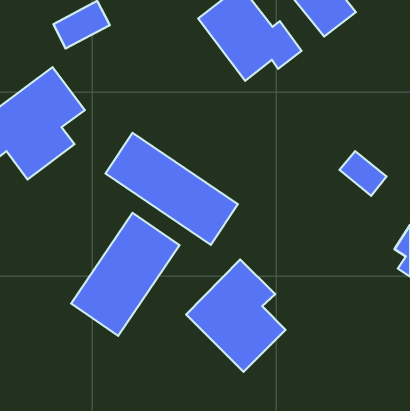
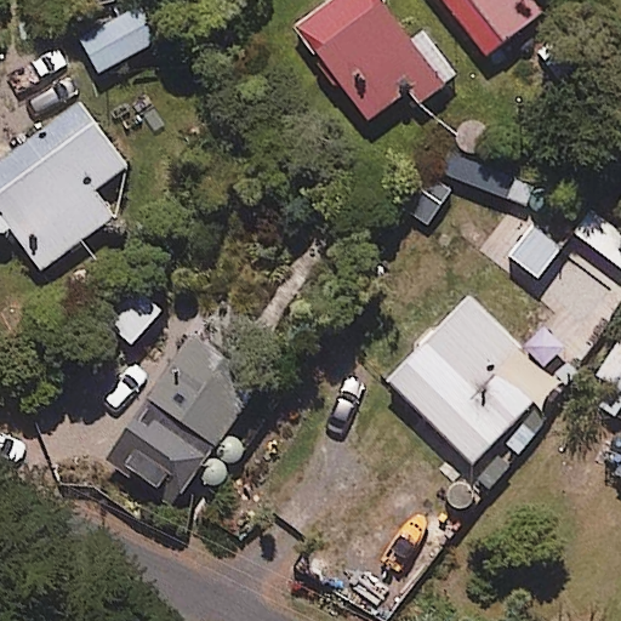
building: [106,133,238,245] -> none
building: [186,259,286,372] -> [386,296,535,465]

